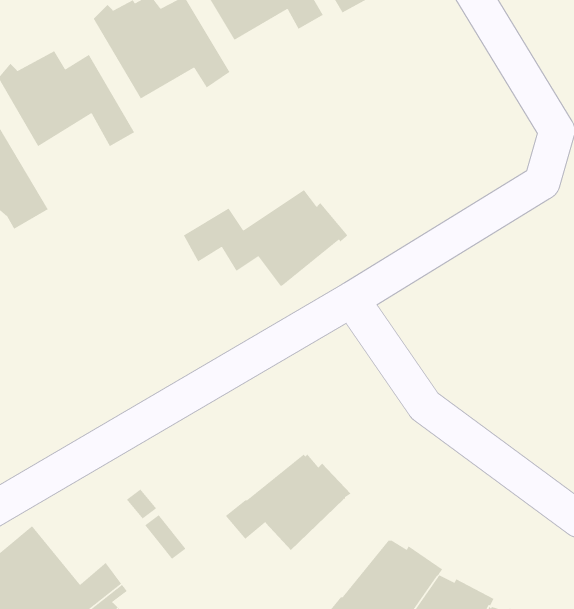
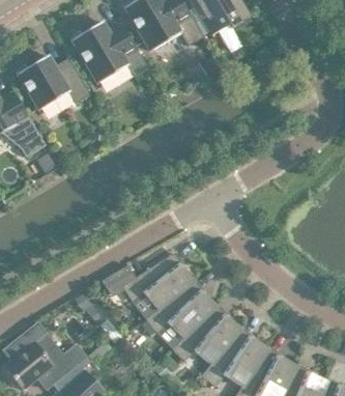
building: [183,189,348,286] -> [100,254,194,309]
building: none -> [171,308,240,364]

